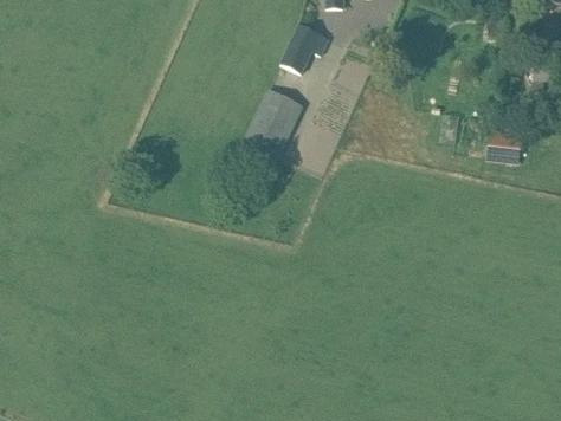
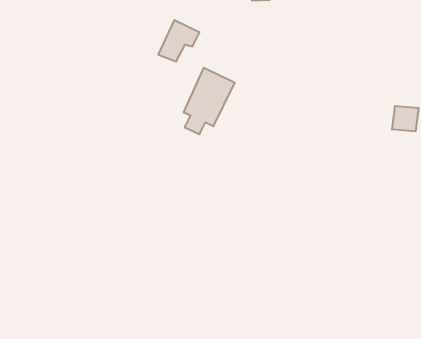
building: [280,21,329,70] -> [158,20,199,62]

